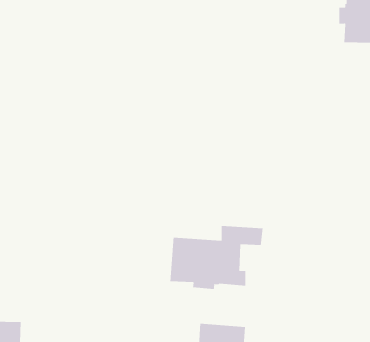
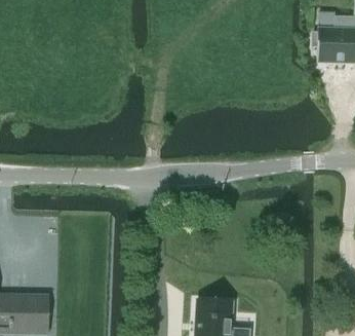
building: [170,225,263,290] -> none

